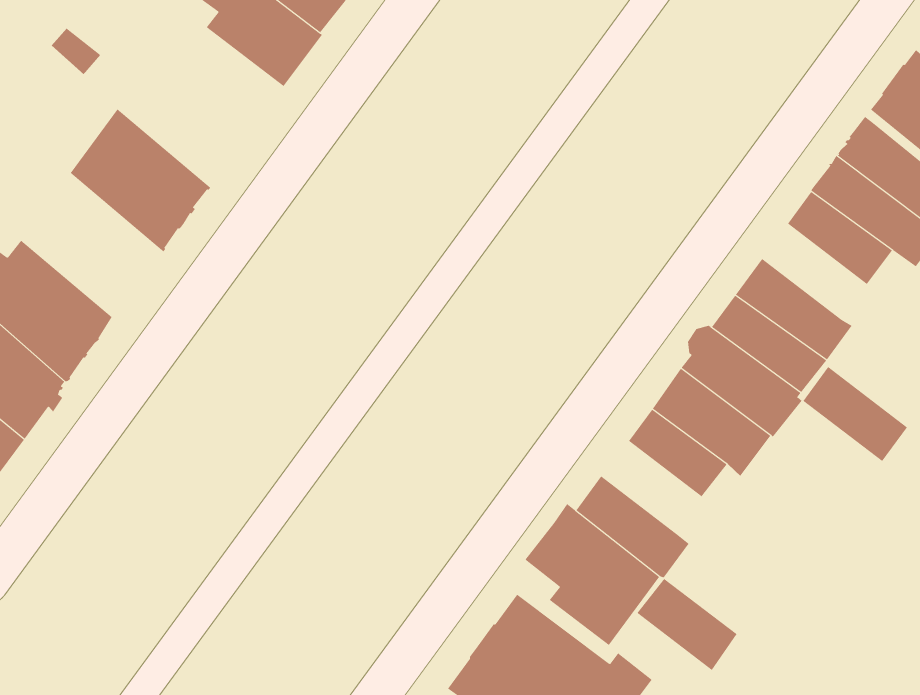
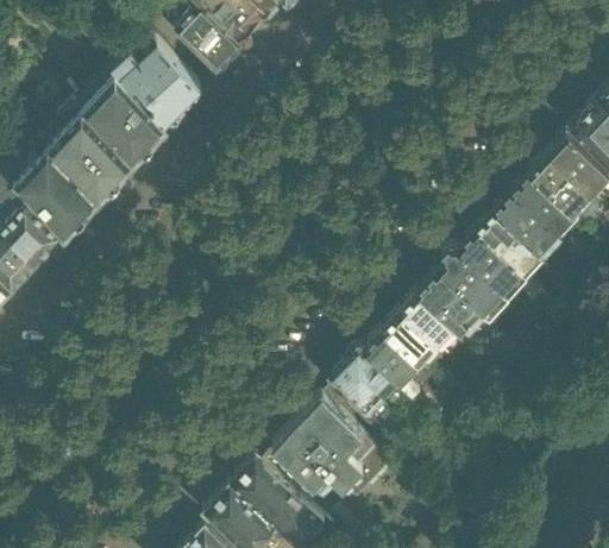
building: none -> [108,37,201,132]
building: none -> [46,103,131,204]
building: [802,366,908,462] -> [494,195,555,257]
building: [637,578,737,671] -> [381,315,440,374]

